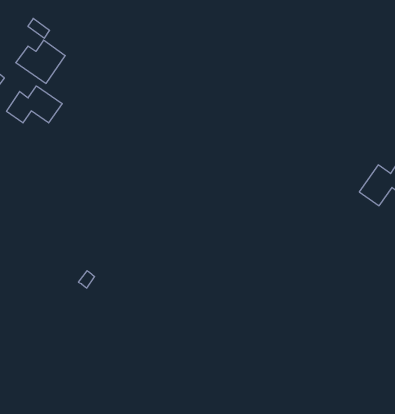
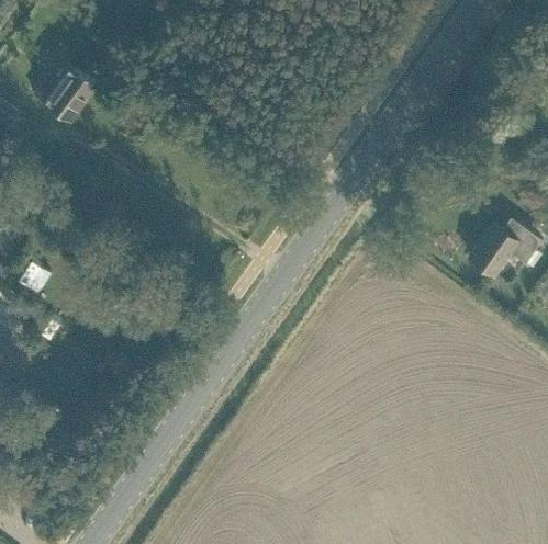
building: [7,86,62,123] -> none

